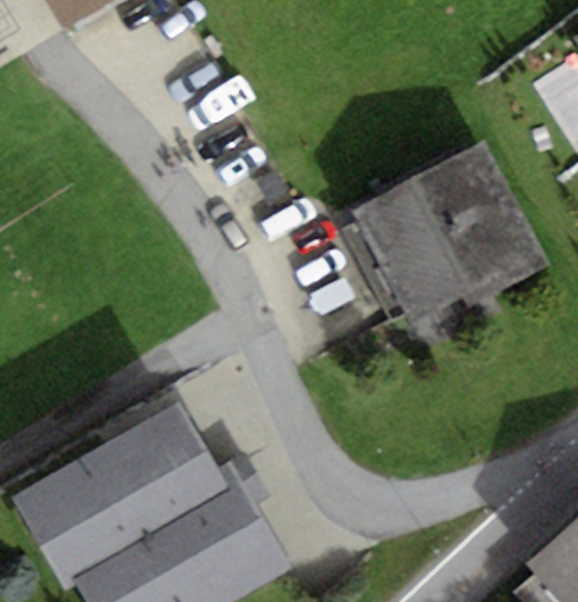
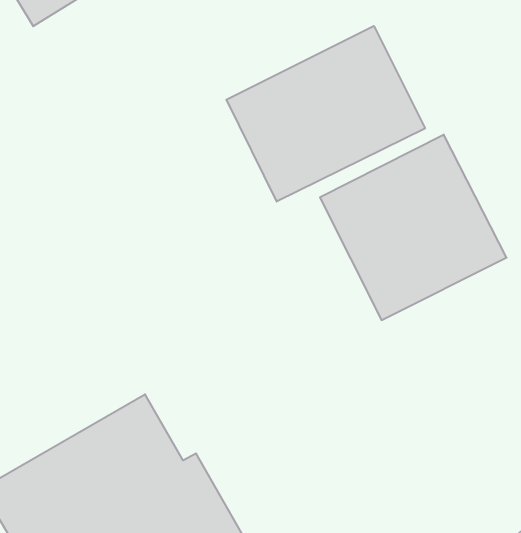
building: none -> [226,26,425,202]

